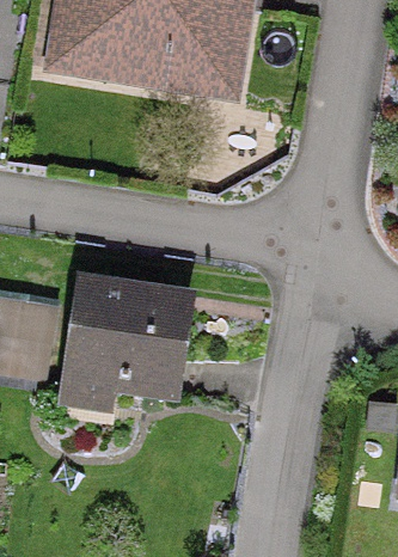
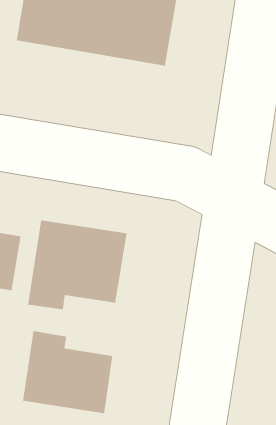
building: none -> [22,330,113,414]

